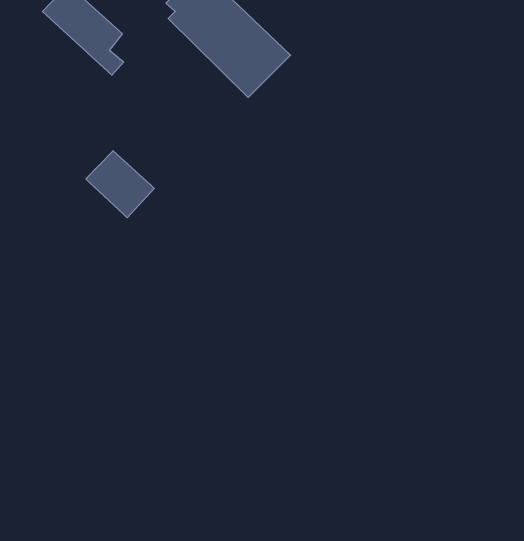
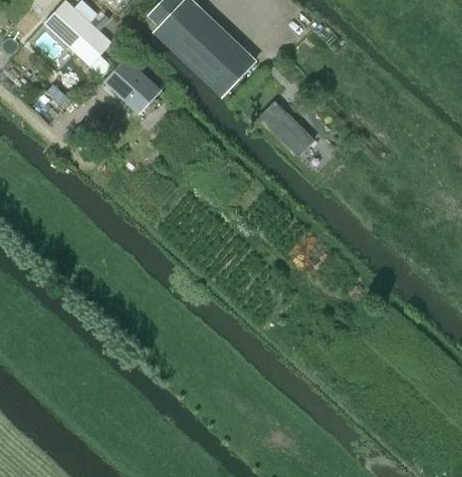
building: none -> [258,100,313,156]
building: [86,151,154,218] -> [102,56,161,113]

